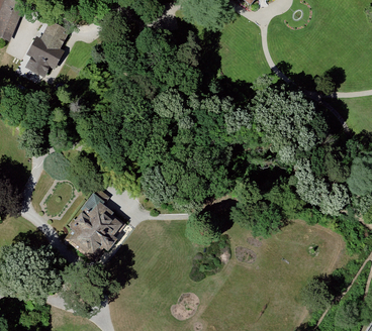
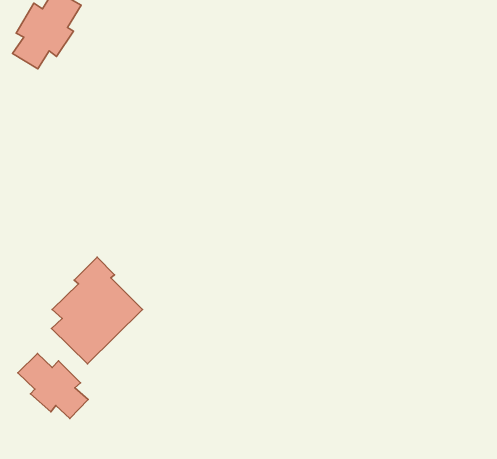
building: none -> [18,353,88,418]

